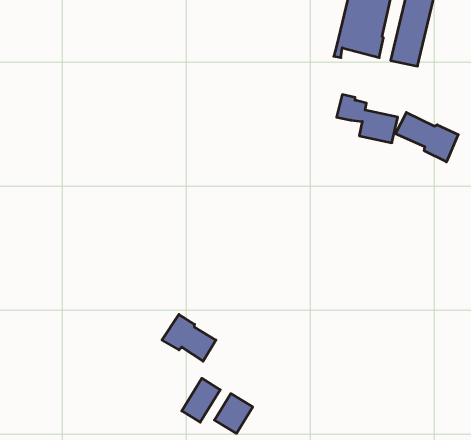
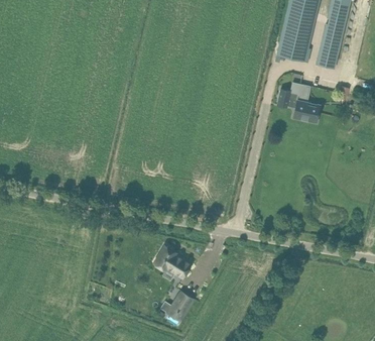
building: [396,112,458,162] -> none
building: [214,394,253,433] -> none

